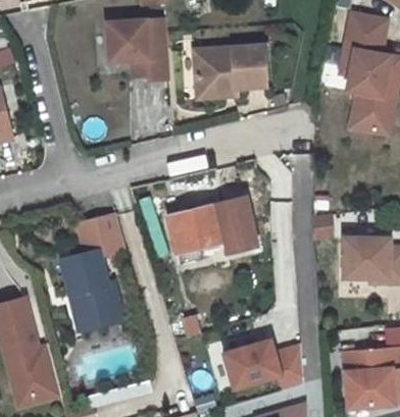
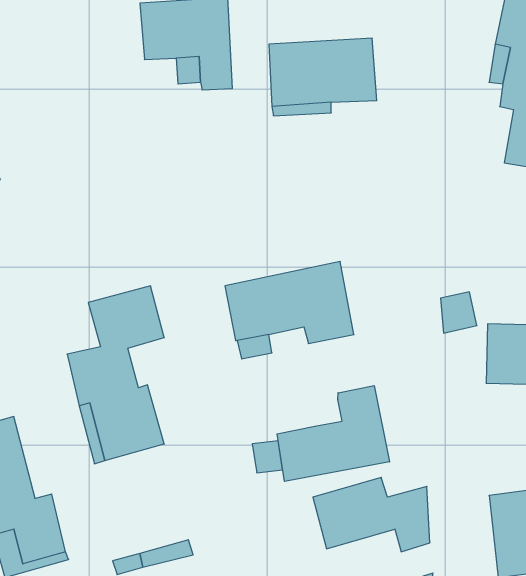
building: none -> [277,386,389,481]

